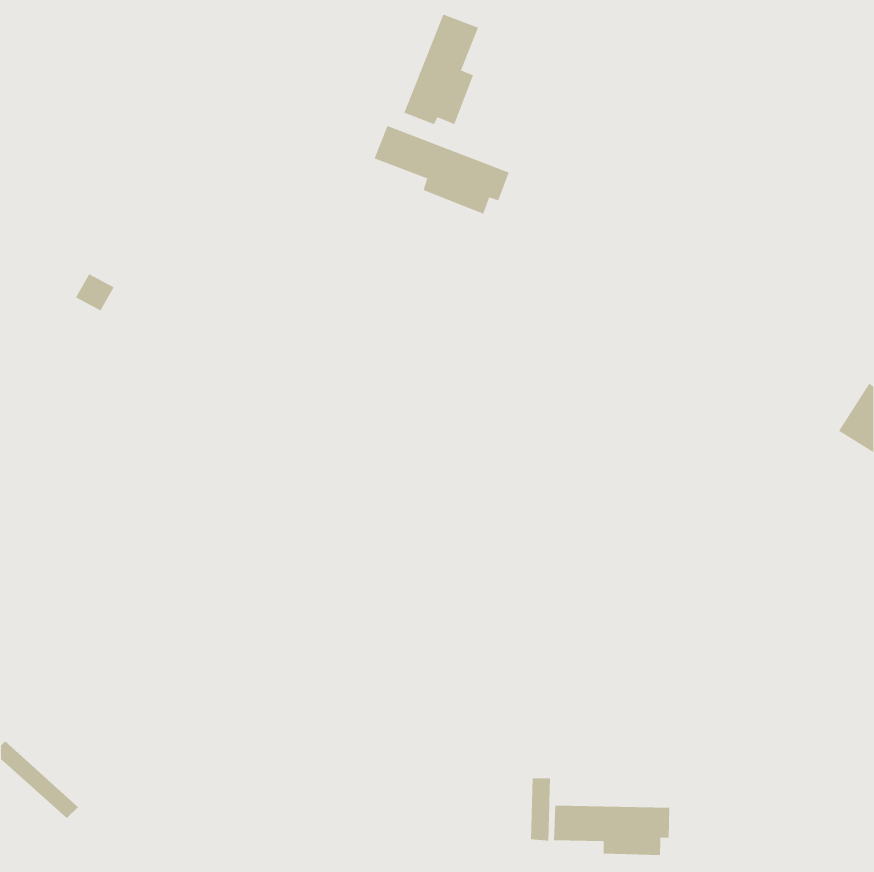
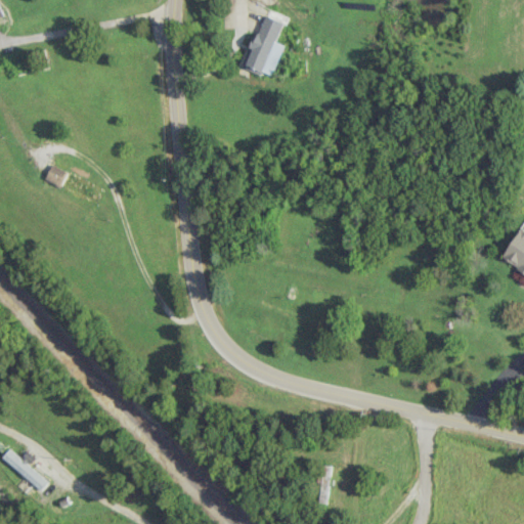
building: [374,125,510,214] -> none
building: [553,805,670,856] -> none

